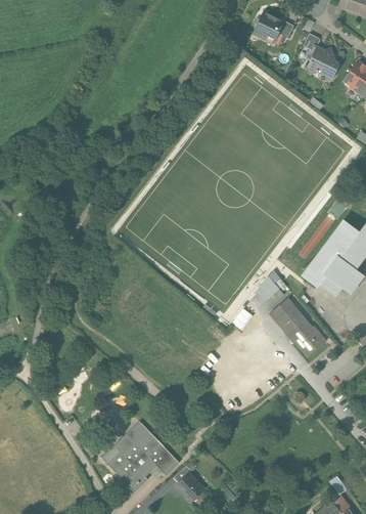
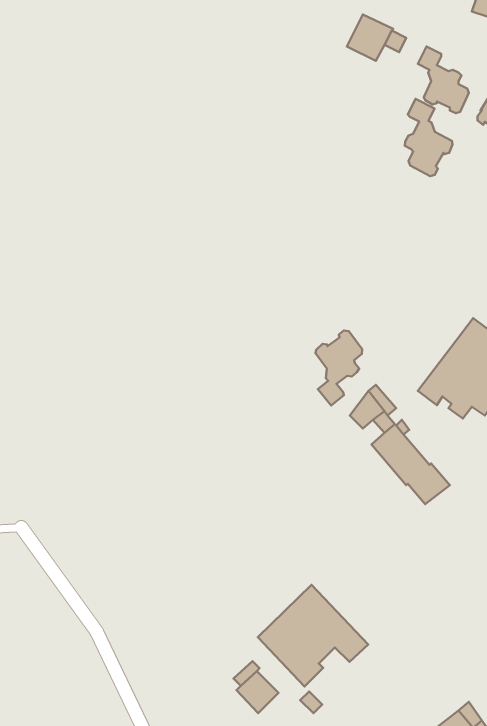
building: none -> [405,99,452,176]
building: none -> [315,330,362,406]
building: [102,421,180,492] -> [258,585,368,687]

